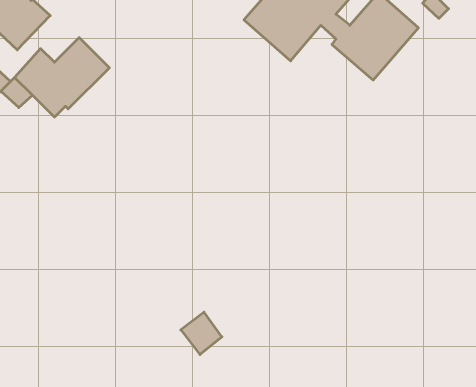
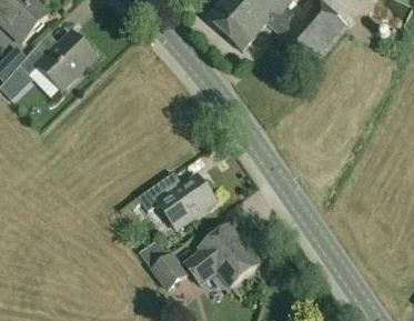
building: none -> [138,175,215,228]
building: none -> [185,224,260,285]

